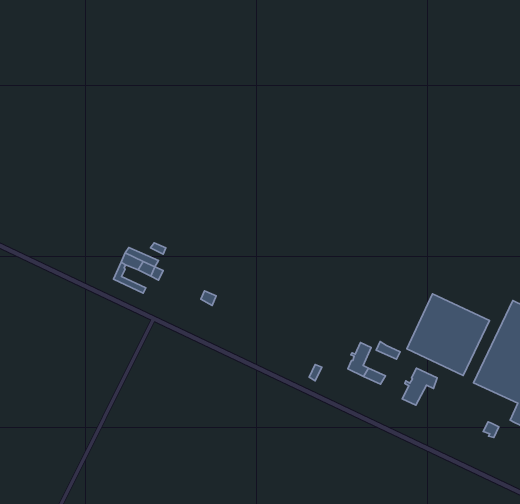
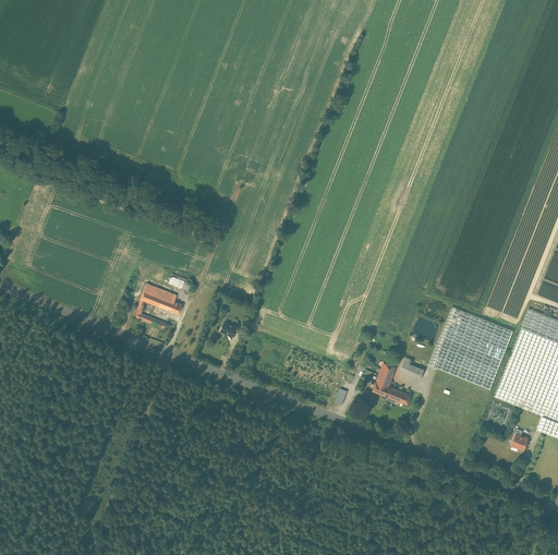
building: [402,368,437,405] -> none

